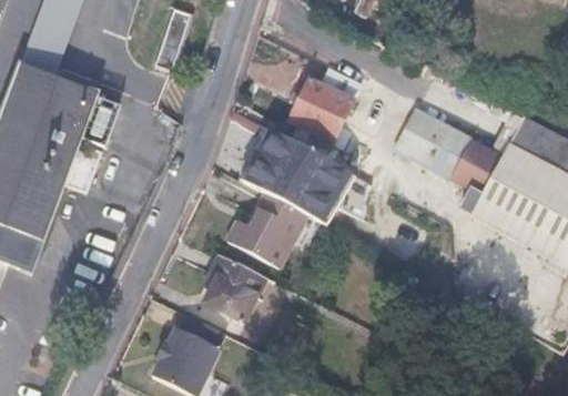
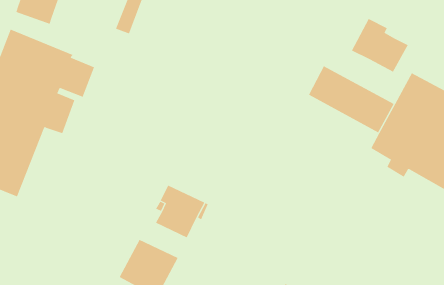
building: none -> [351,18,408,73]
building: [285,62,361,140] -> none
building: [248,129,362,221] -> none
building: [224,192,311,266] -> none

